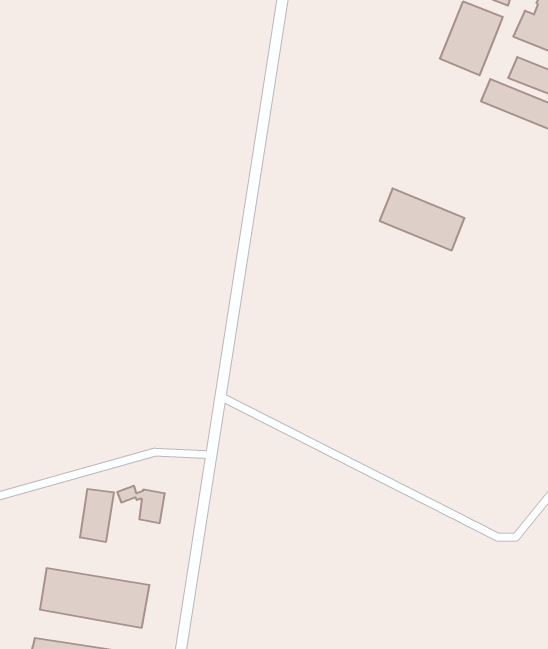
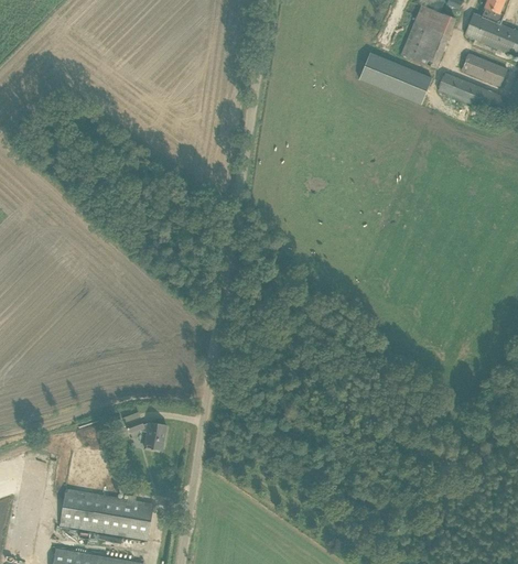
building: [380,188,465,250] -> [358,52,431,105]
building: [80,489,114,542] -> none

